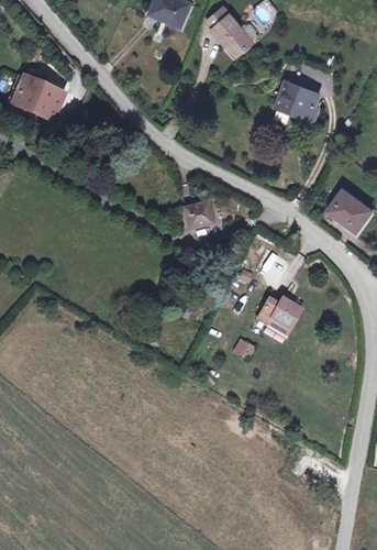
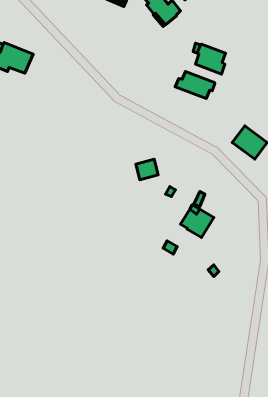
building: none -> [175,71,215,99]
building: [184,201,213,229] -> [136,159,158,180]

